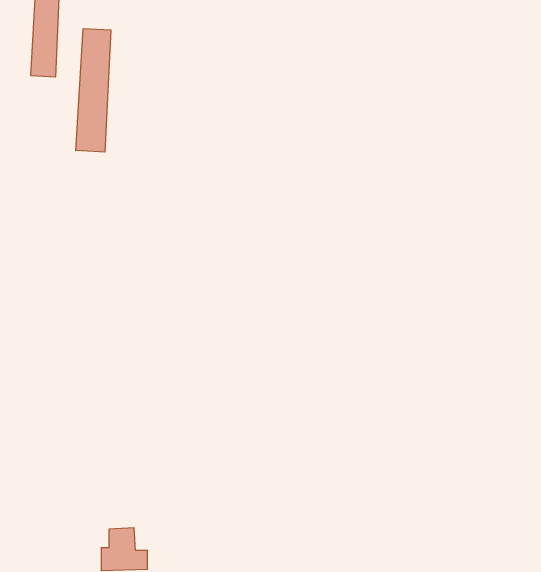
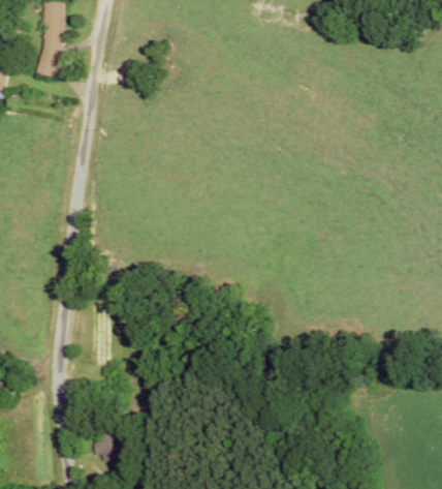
building: [76,29,111,152] -> none

